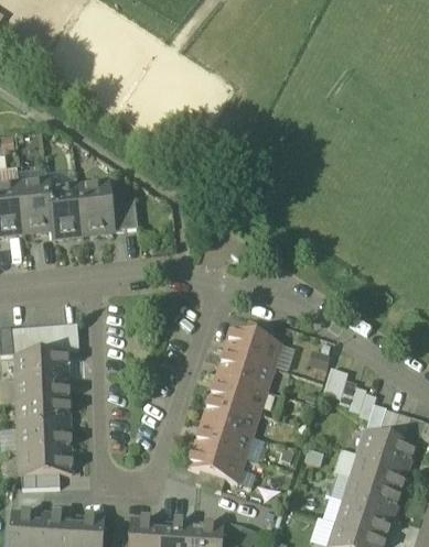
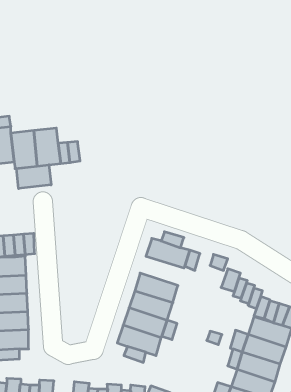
building: none -> [16,165,51,189]
building: [217,354,275,393] -> none

